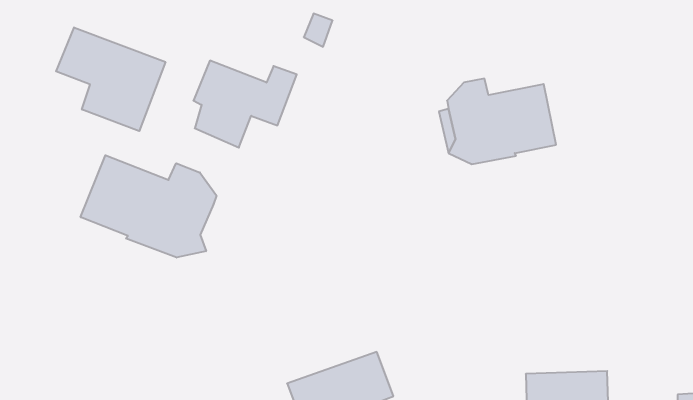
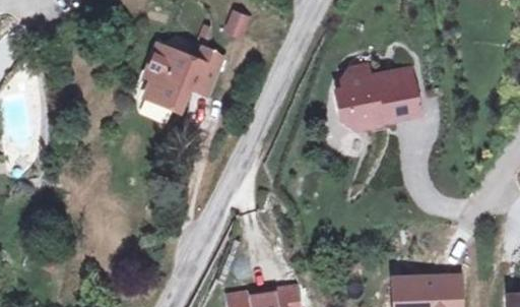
building: [56,27,165,131] -> none
building: [81,155,216,258] -> none

